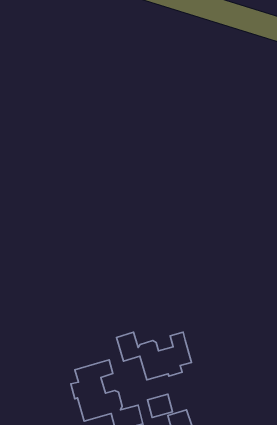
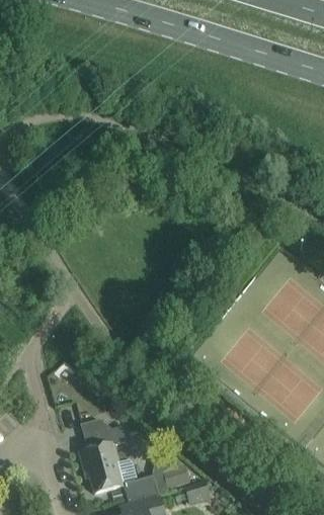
building: [117,332,191,380] -> none

